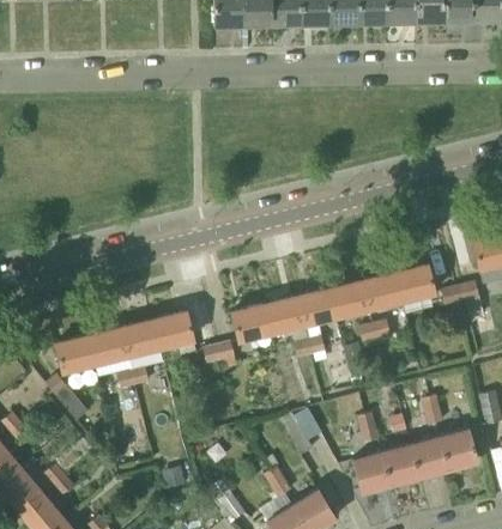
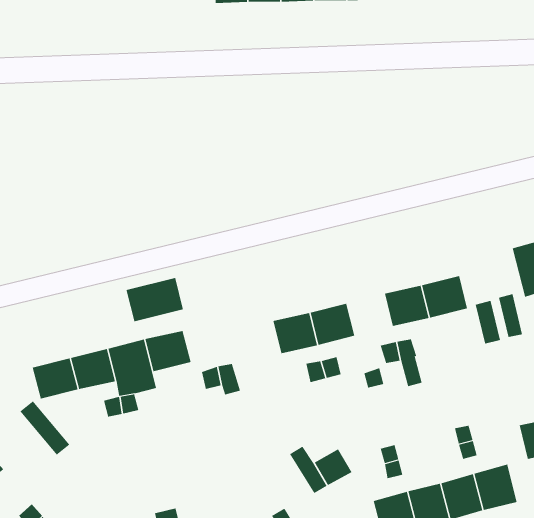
building: none -> [126,277,184,322]
building: [329,280,369,317] -> none
building: [231,304,272,341] -> none

